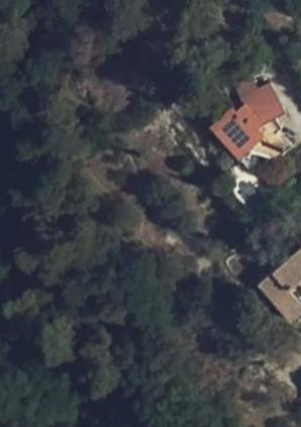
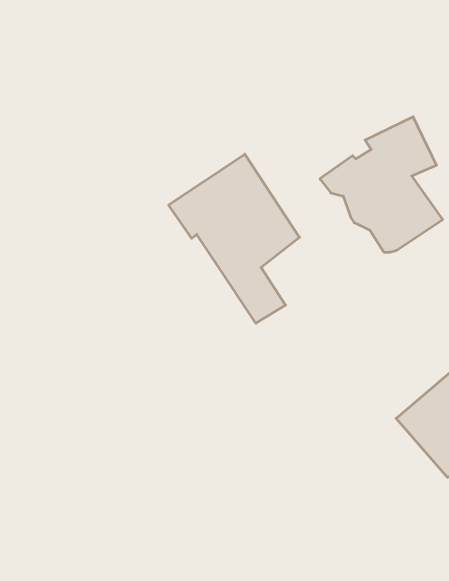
building: none -> [169,154,300,323]

